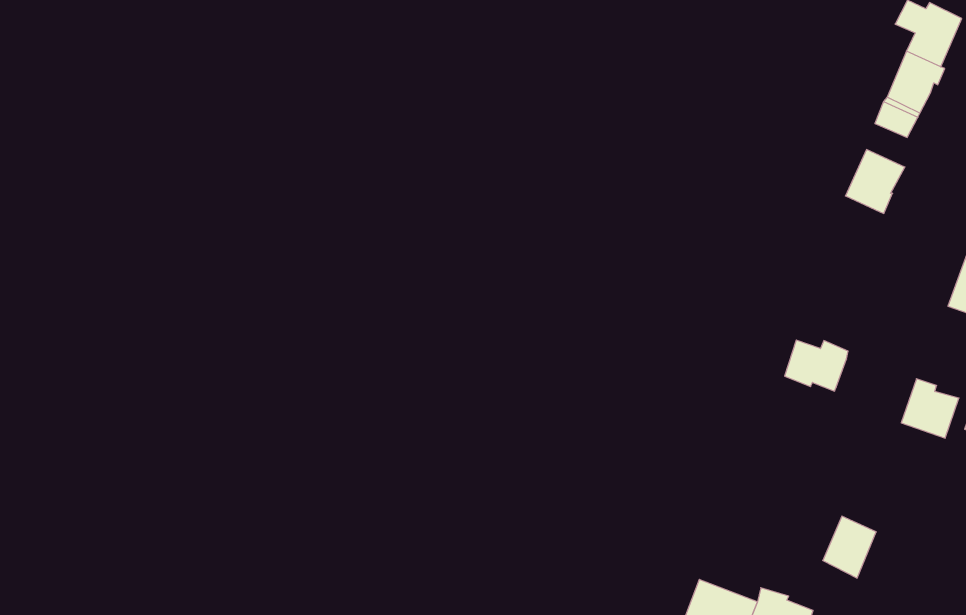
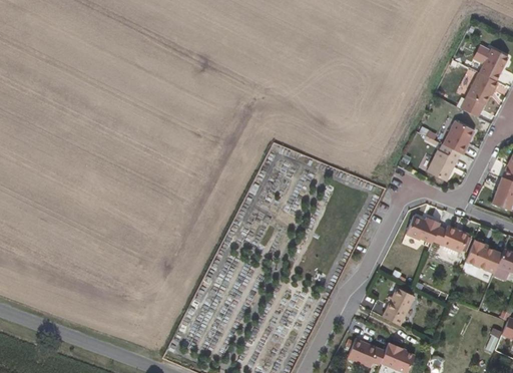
building: none -> [426,144,460,181]
building: none -> [433,227,468,254]
building: [823,516,876,578] -> [386,287,414,319]

